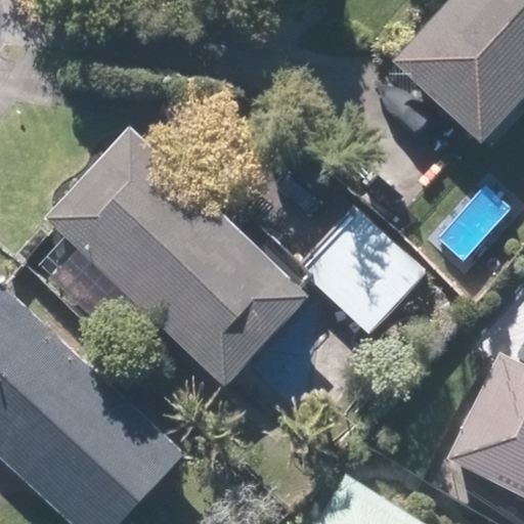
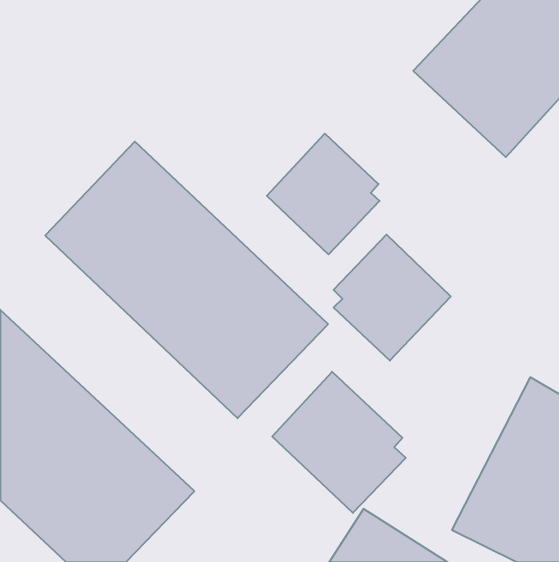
building: none -> [267,134,380,254]
building: none -> [272,372,406,513]

